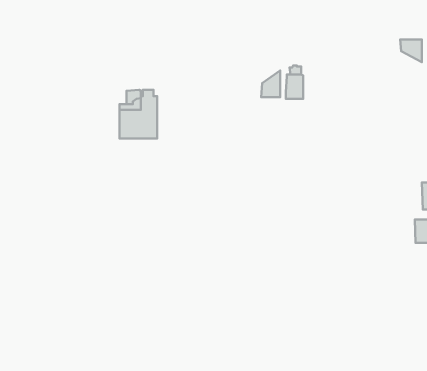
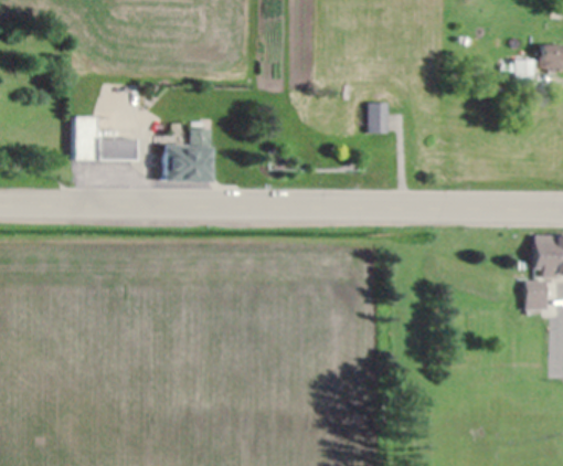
building: [261,71,280,97] -> none
building: none -> [74,116,134,160]

